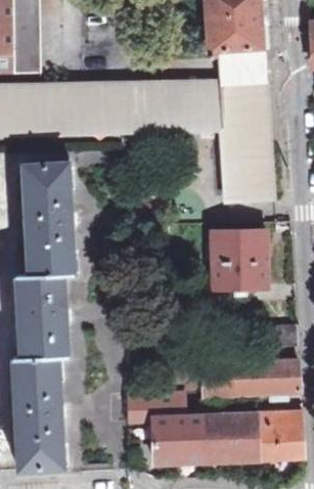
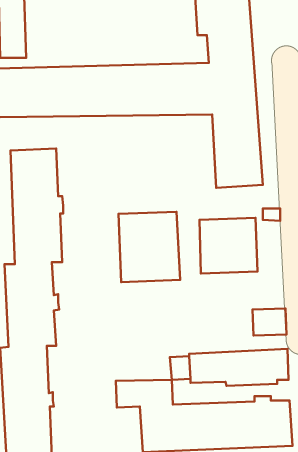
building: none -> [119,212,180,282]

